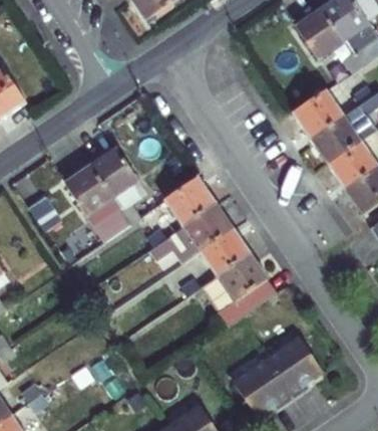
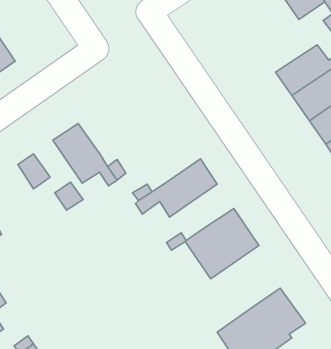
building: [89,148,138,198] -> none
building: [165,177,216,224] -> none
building: [201,228,250,275] -> none

